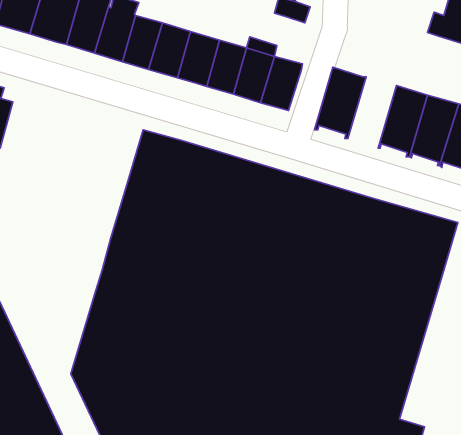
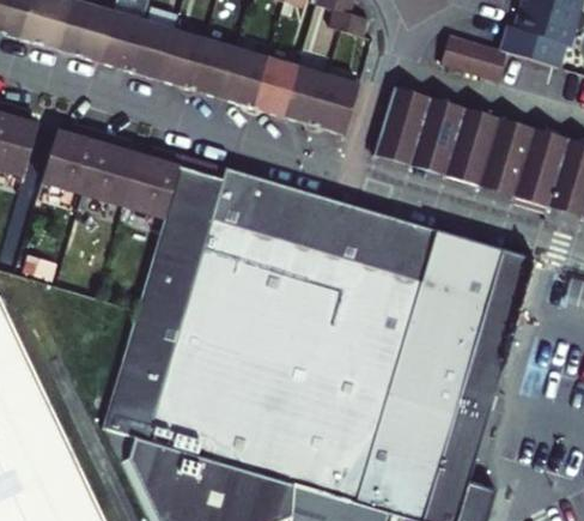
building: none -> [437,32,509,80]
building: none -> [409,97,463,176]
building: none -> [42,122,182,217]

